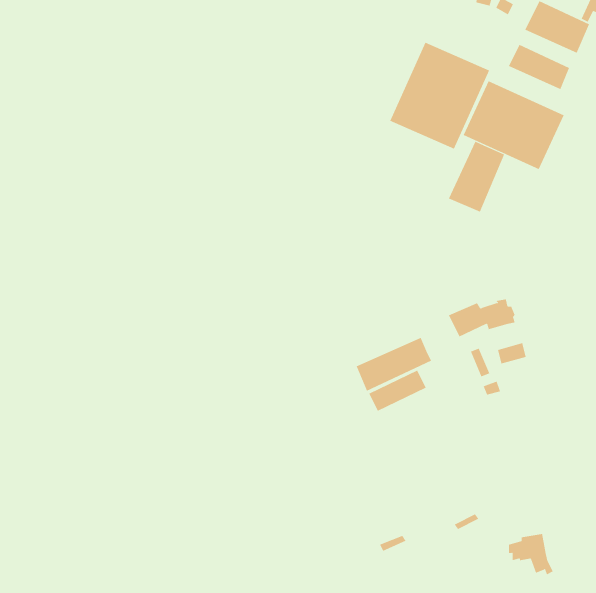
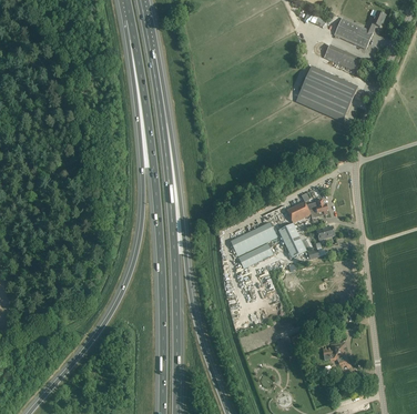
building: [389,42,490,150] -> none
building: [448,141,505,213] -> none
building: none -> [278,223,305,258]

